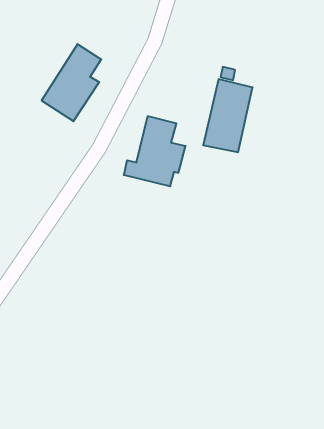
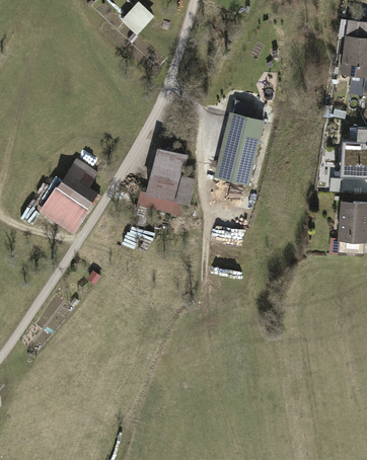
building: [42,44,101,121] -> [39,157,97,233]

